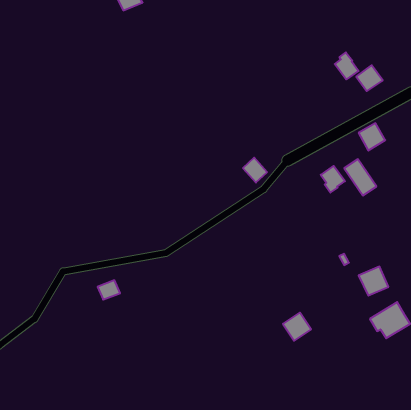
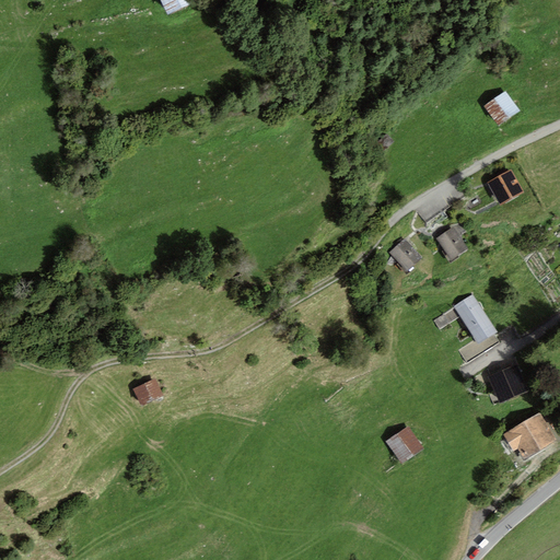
building: [335,52,359,79] -> none
building: [243,158,267,183] -> [388,236,421,270]
building: [344,159,376,195] -> [453,293,497,342]

